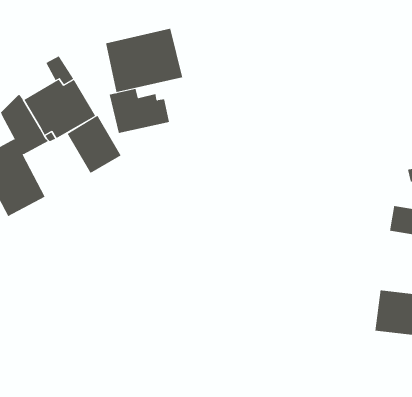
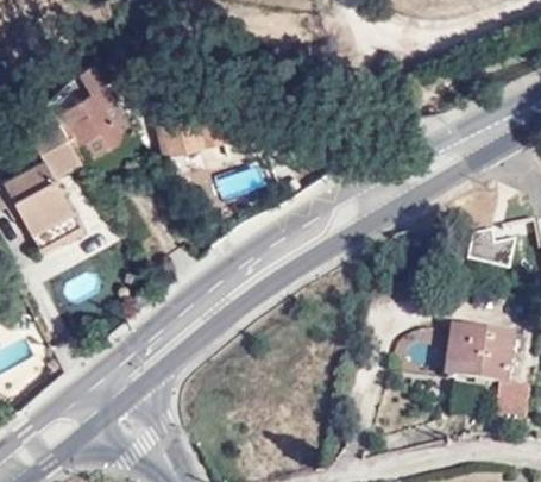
building: [105,28,183,93] -> none
building: [67,115,122,174] -> none

